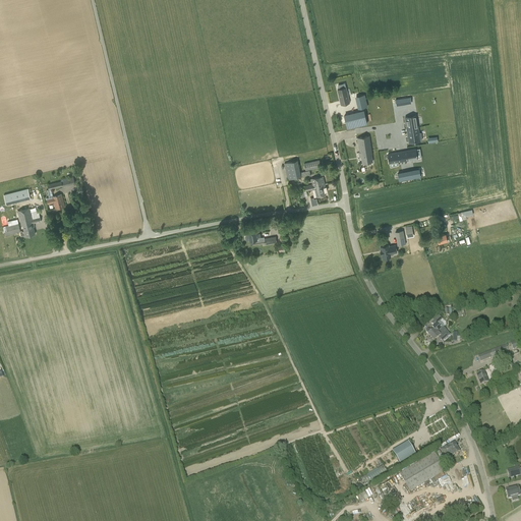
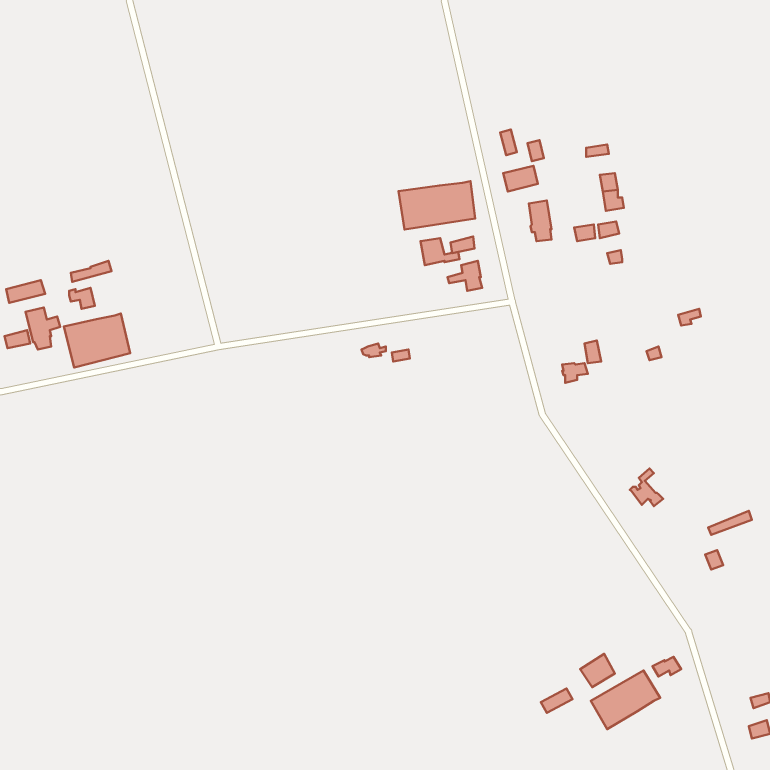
building: none -> [399,181,475,230]
building: none -> [64,314,130,368]

